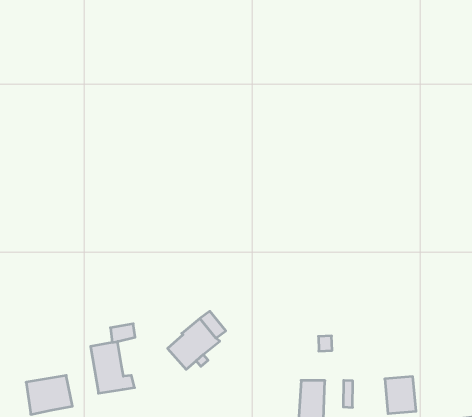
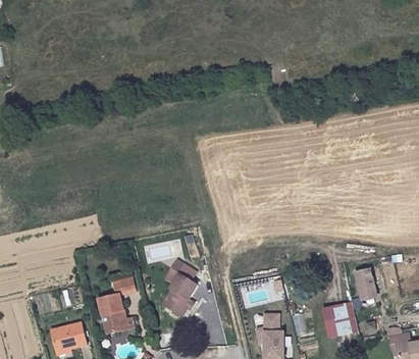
building: none -> [349,268,376,304]

